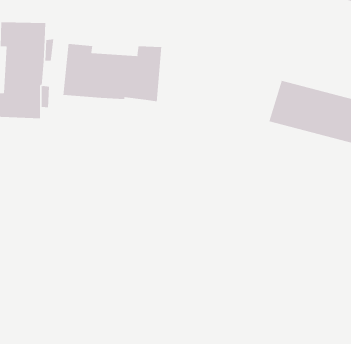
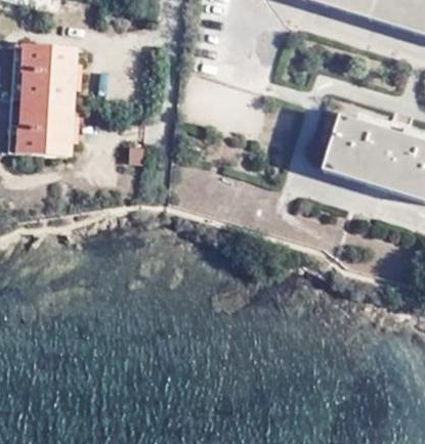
building: [63,43,162,102] -> none

